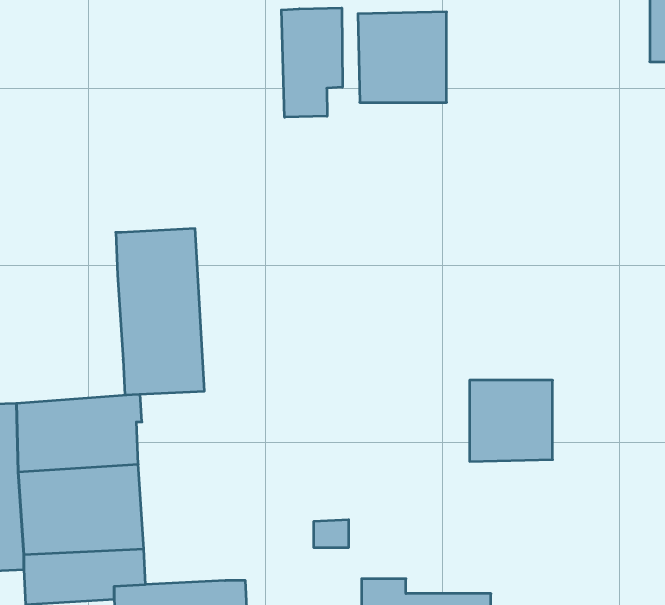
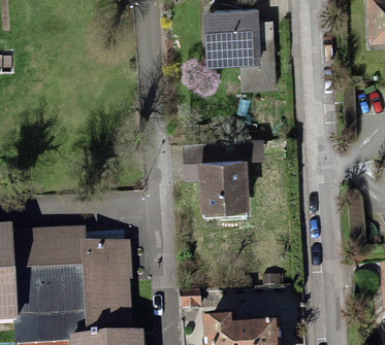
building: [281,8,342,117] -> none
building: [116,229,204,395] -> [82,236,131,329]
building: [470,380,553,461] -> [199,161,246,206]

